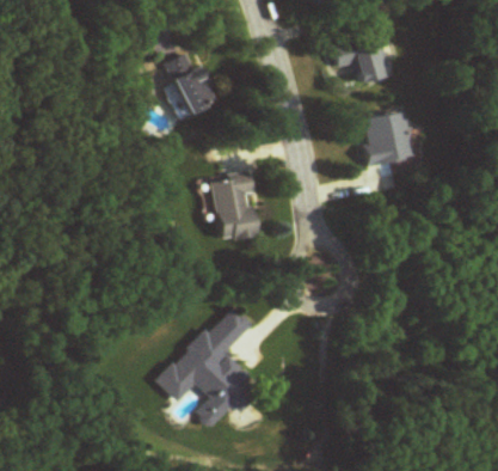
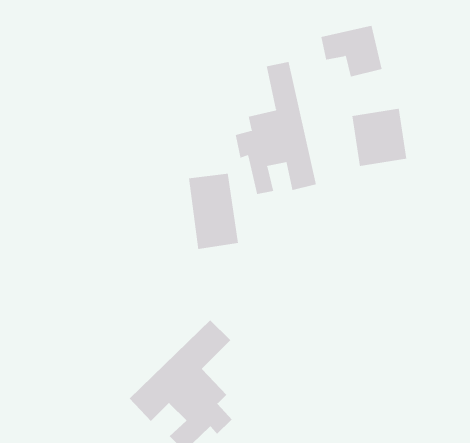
building: [165,53,216,115] -> none
building: none -> [235,61,317,195]

